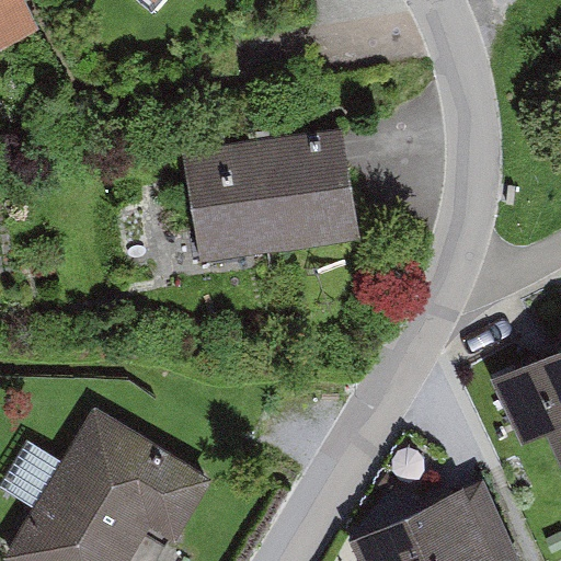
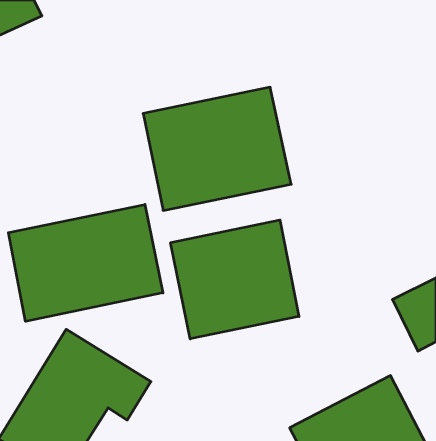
building: none -> [8,204,163,321]
building: none -> [171,220,299,339]

